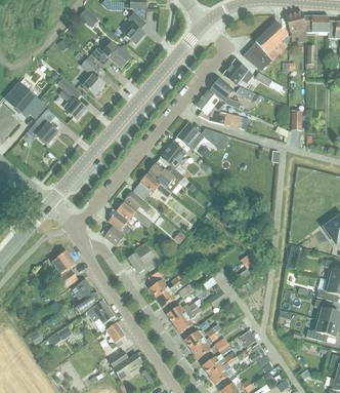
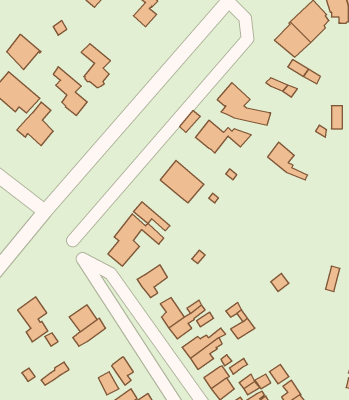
building: [91,42,130,67] -> none
building: none -> [7,34,41,70]
building: [223,58,254,85] -> none
building: [211,77,245,109] -> [268,142,308,180]
building: [161,136,190,176] -> none
building: [134,172,171,198] -> none
building: [51,249,77,287] -> [18,297,48,342]
building: [86,299,116,328] -> none

